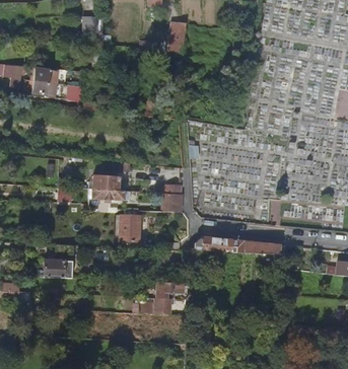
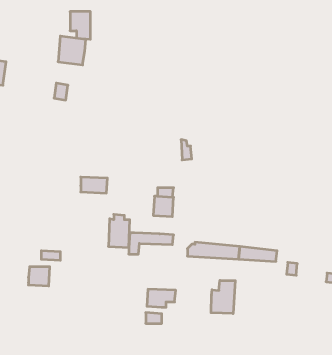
building: [169,21,187,53] -> none
building: [31,68,58,95] -> [58,36,86,65]
building: [88,189,131,209] -> [129,233,174,254]
building: none -> [211,280,235,314]

